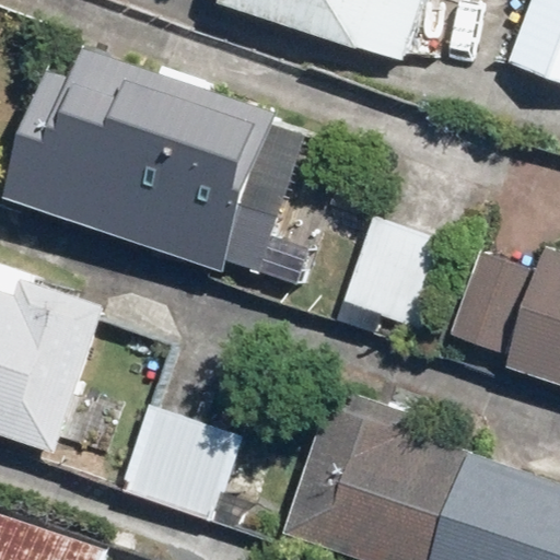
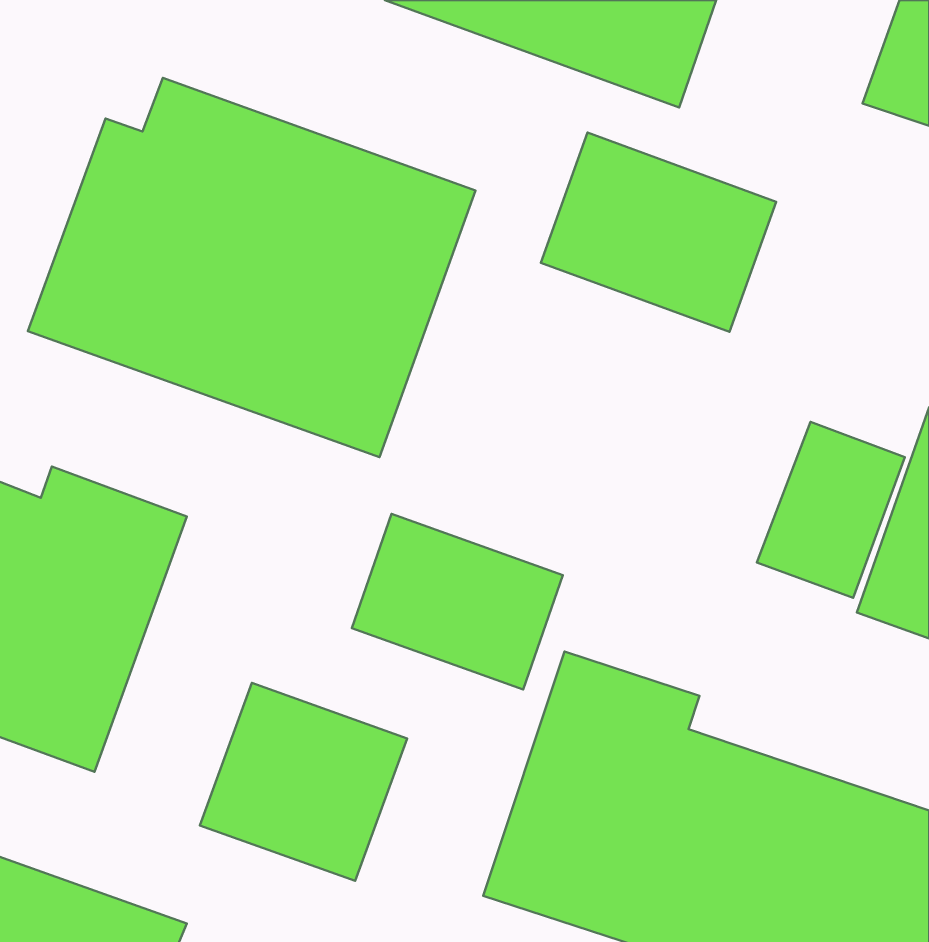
building: none -> [541,132,776,332]
building: [341,217,450,331] -> none
building: none -> [352,514,563,690]

